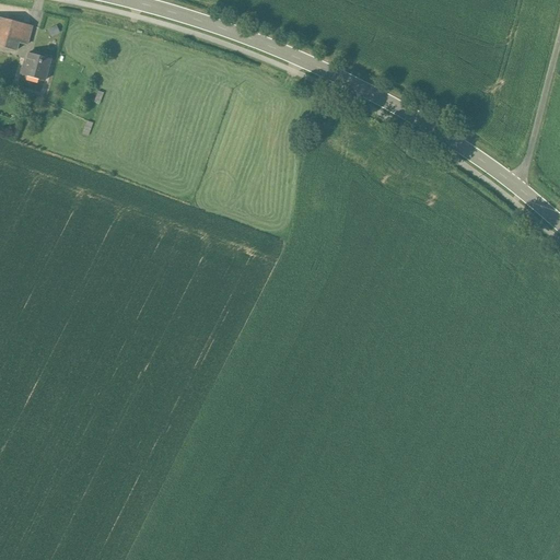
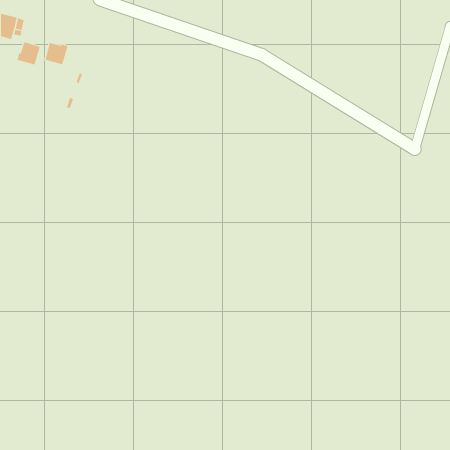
building: none -> [45,42,68,65]

